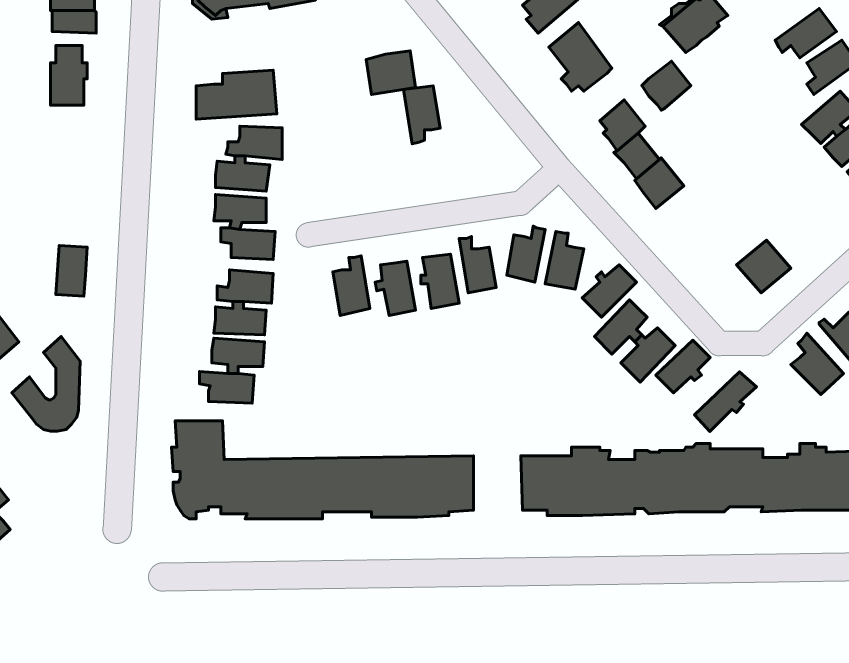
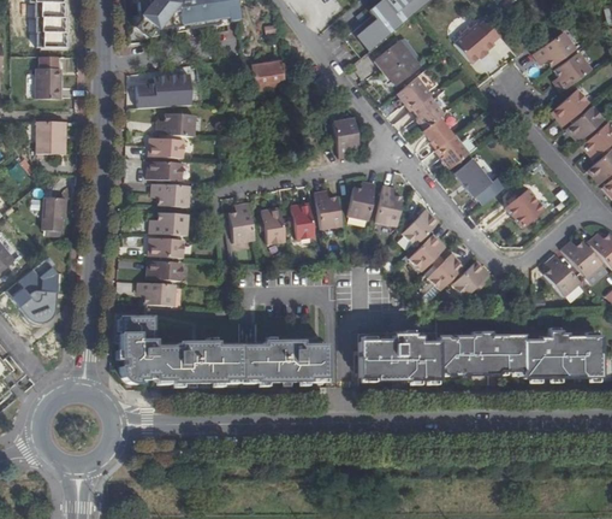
building: [642,61,691,110] -> [397,76,430,110]
building: [403,86,440,144] -> [333,117,358,157]
building: none -> [37,120,63,153]
building: none -> [458,157,493,195]
building: [694,372,756,431] -> none

